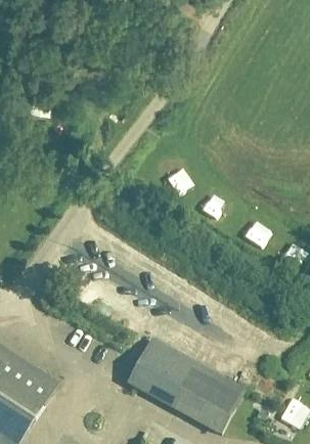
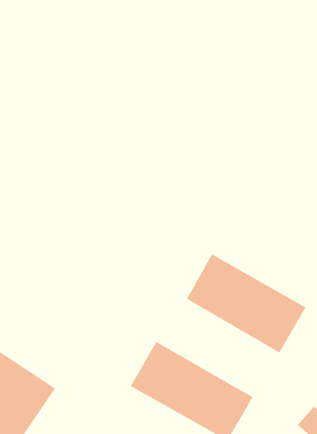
building: none -> [186,253,306,353]

